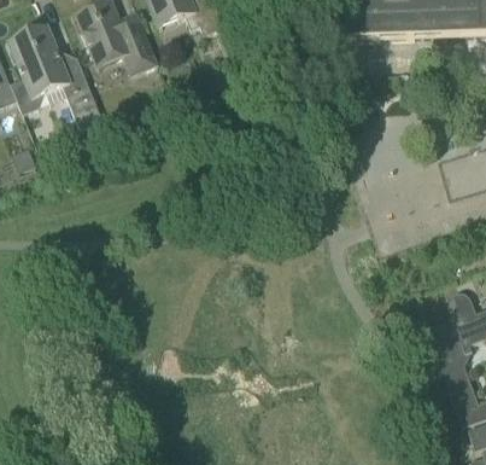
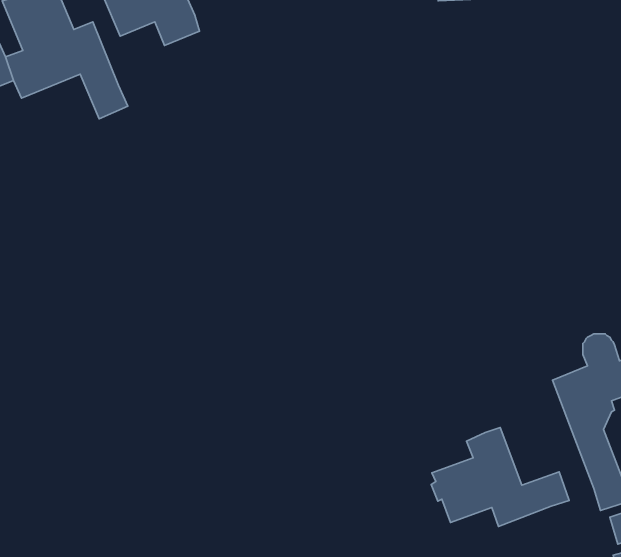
building: none -> [431,428,569,526]

